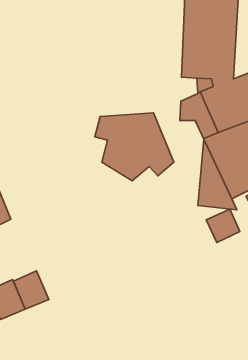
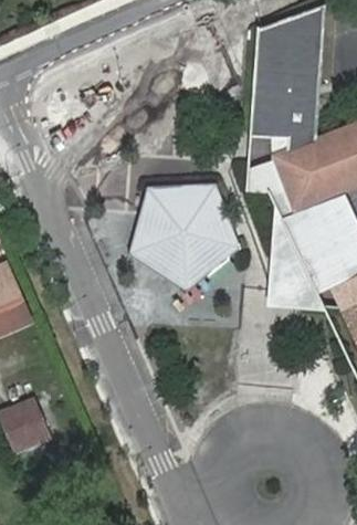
building: none -> [128,213,220,292]
building: [206,209,240,243] -> none
building: [14,271,49,309] -> none

